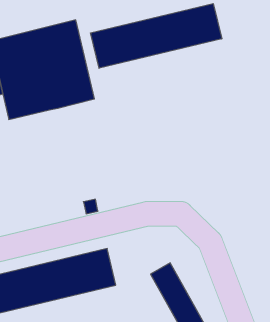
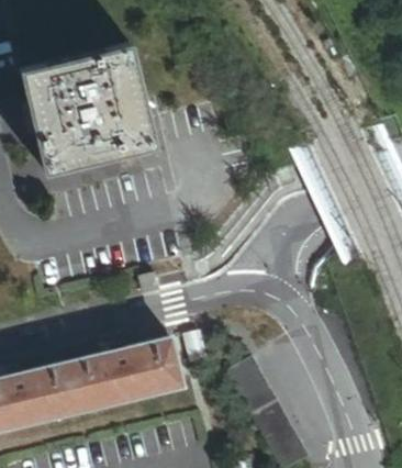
building: [91,4,222,68] -> none

